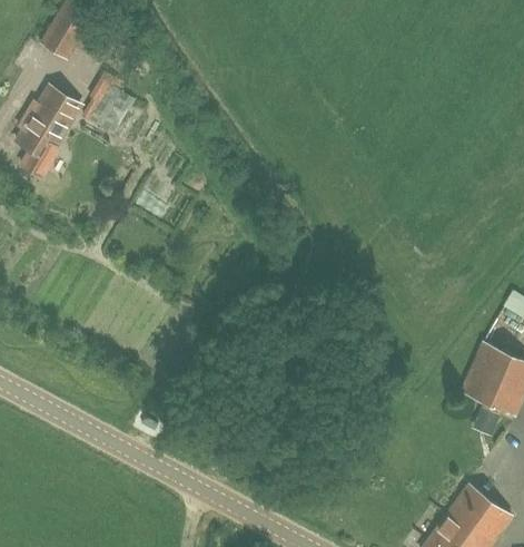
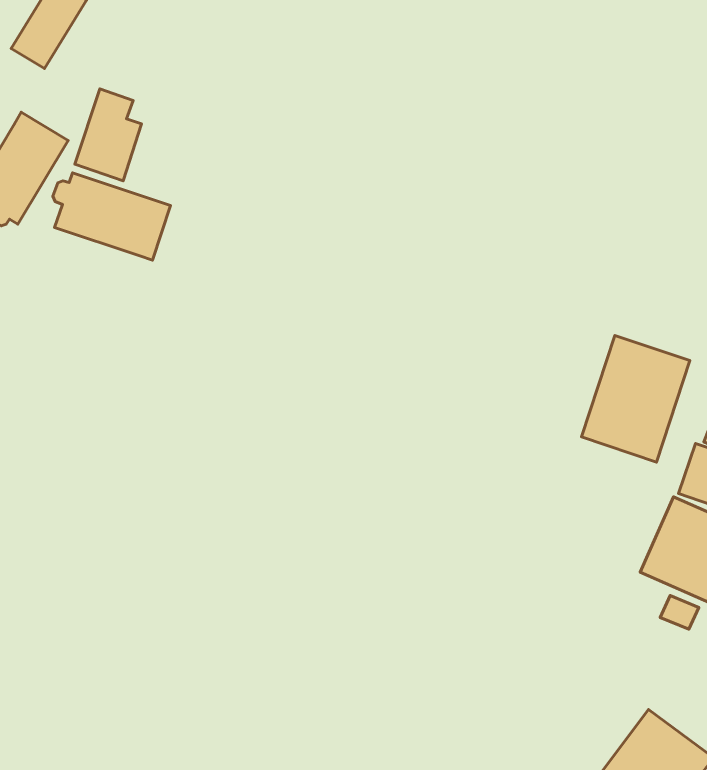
building: none -> [53,173,170,260]
building: none -> [581,335,690,462]

